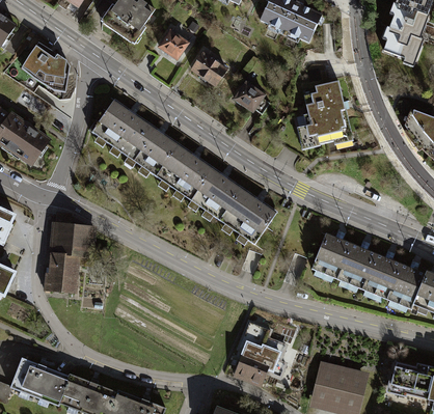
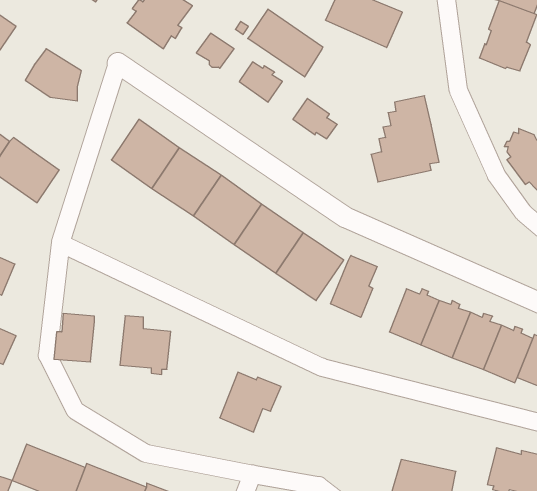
building: none -> [248,9,323,77]
building: none -> [331,255,377,317]
building: [52,214,92,260] -> [120,316,171,374]
building: [234,339,282,387] -> [220,372,281,432]

